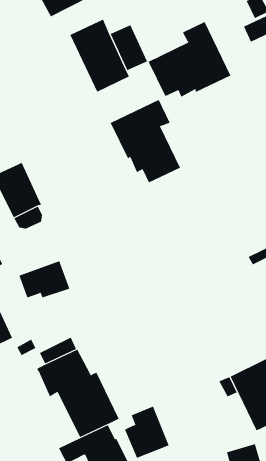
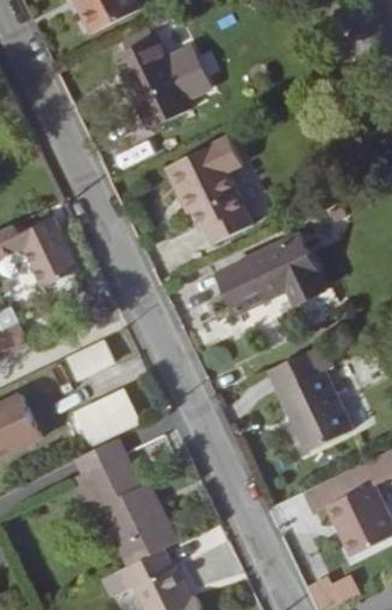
building: [148,21,231,97] -> none
building: none -> [217,222,331,309]
building: none -> [268,346,353,452]
building: none -> [75,388,139,446]

